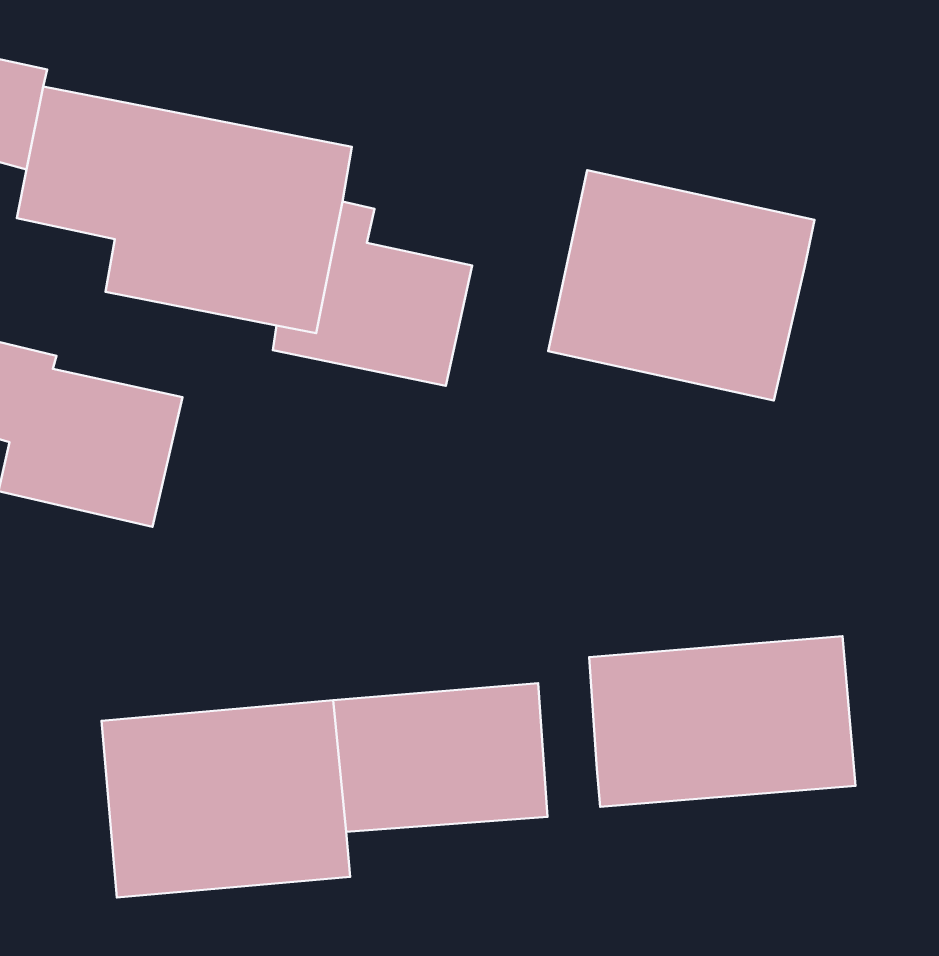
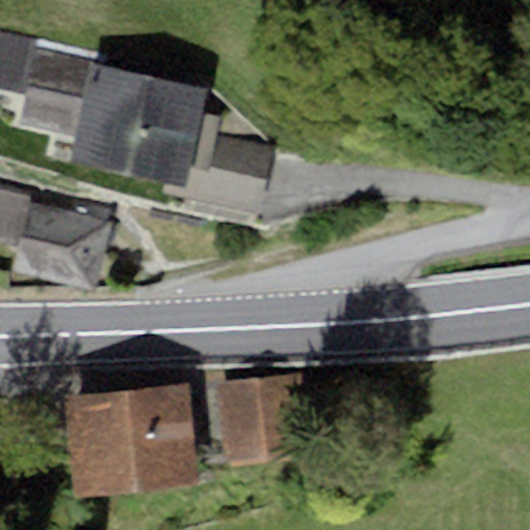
building: [548,170,815,401] -> none
building: [589,636,855,807] -> none

